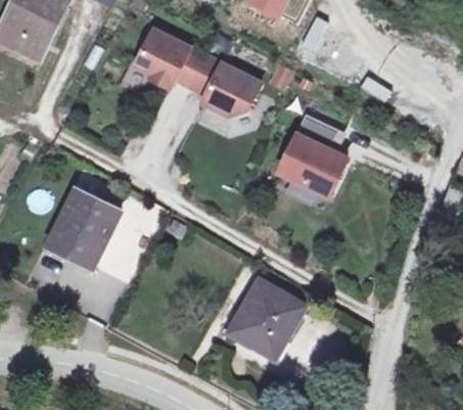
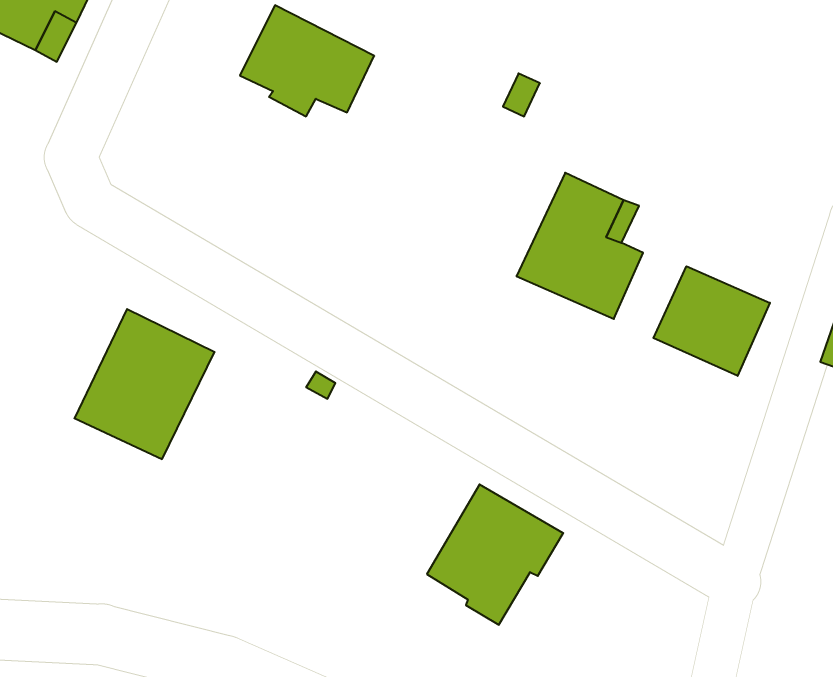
building: [190,55,260,115] -> none
building: none -> [653,266,770,376]

